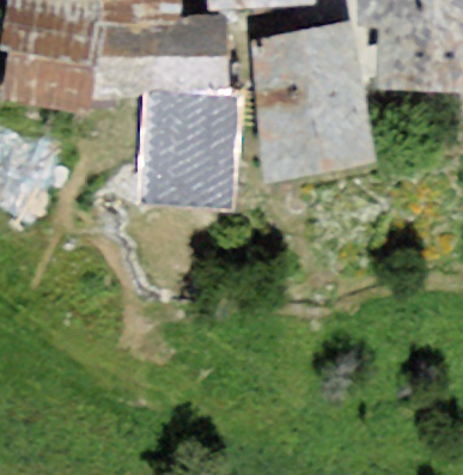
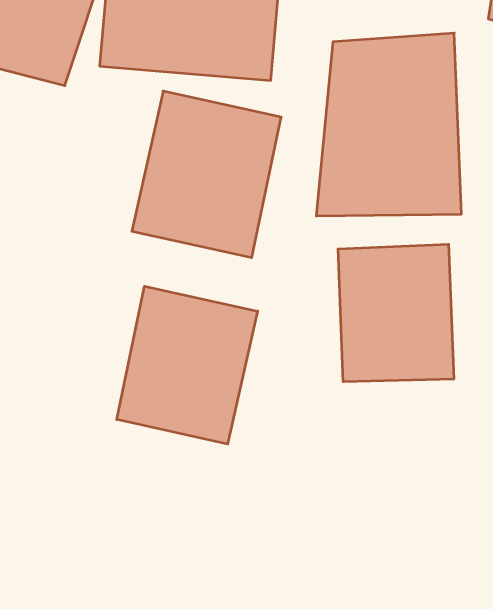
building: none -> [338,244,454,382]
building: none -> [117,286,258,444]

